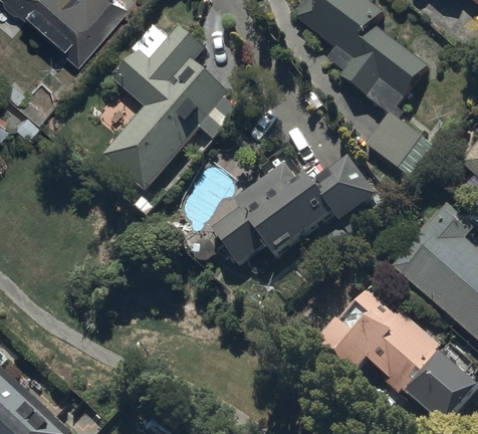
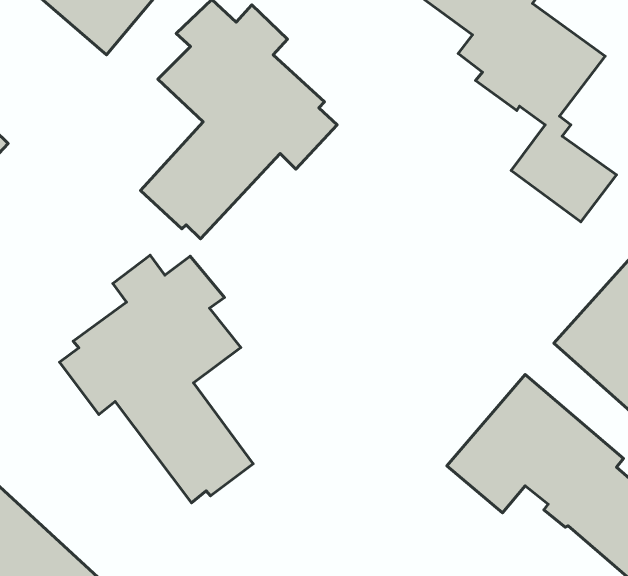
building: [212,158,379,262] -> none
building: none -> [59,255,253,503]

